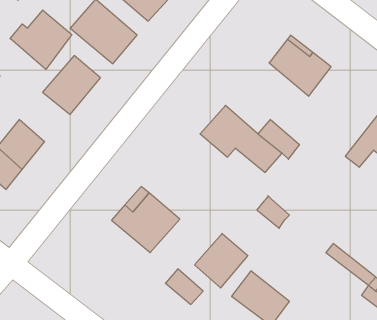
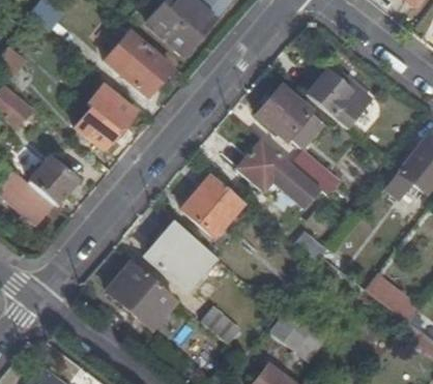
building: [10,10,72,69] -> none
building: none -> [256,87,317,140]
building: none -> [181,174,243,236]
building: none -> [108,260,175,325]
building: [195,233,248,288] -> none

